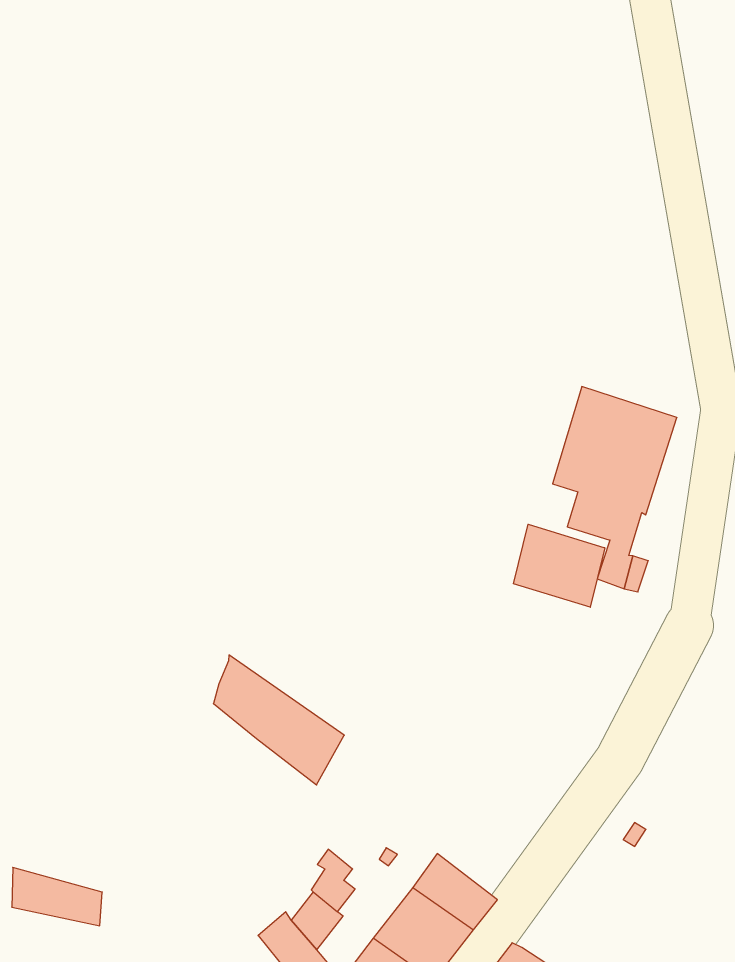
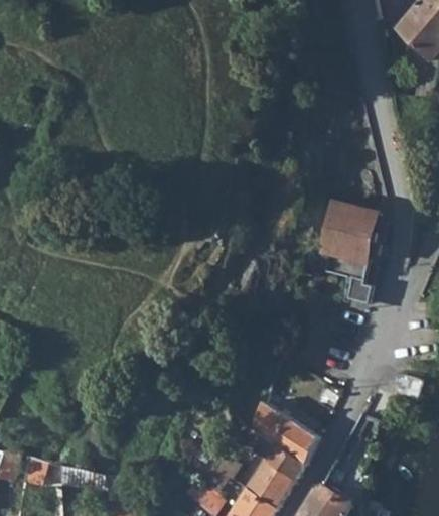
building: [514,524,605,607] -> none
building: [213,655,344,785] -> [250,402,317,465]

